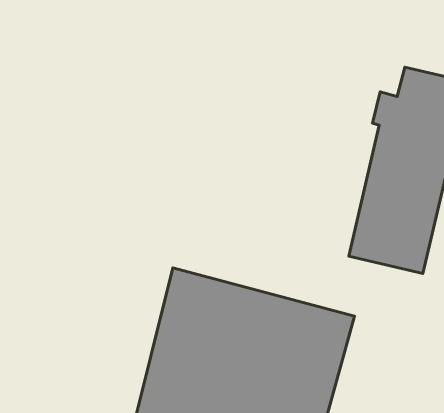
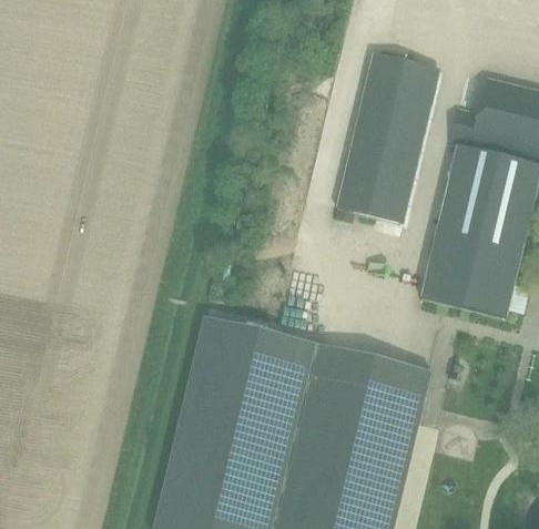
building: none -> [334,54,439,225]

